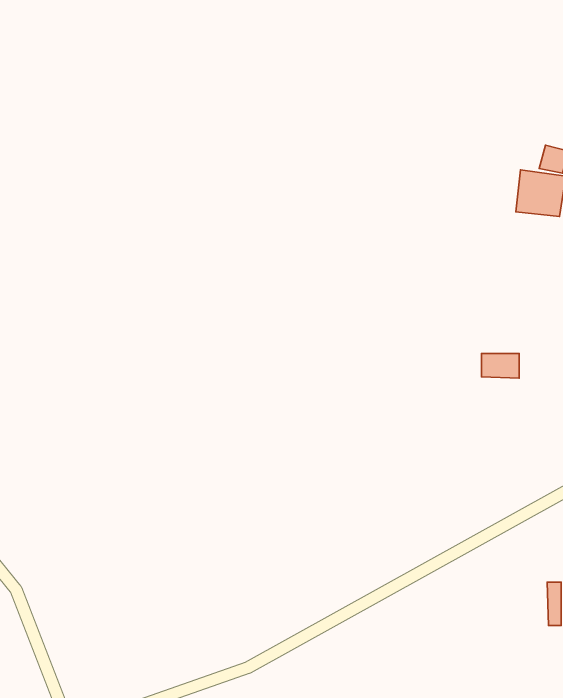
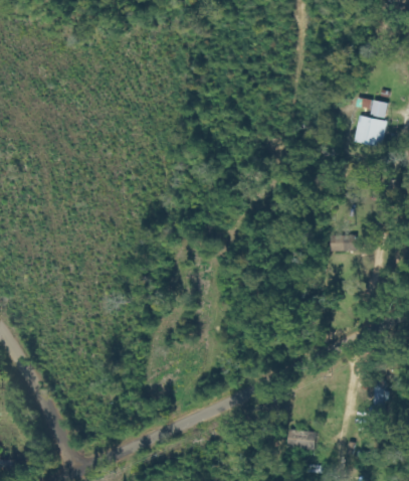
building: none -> [287,430,316,449]

